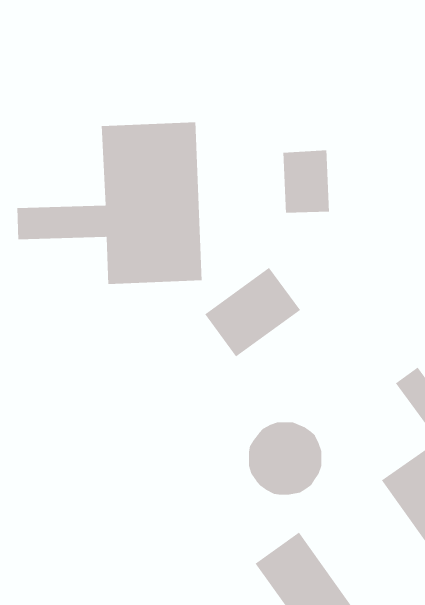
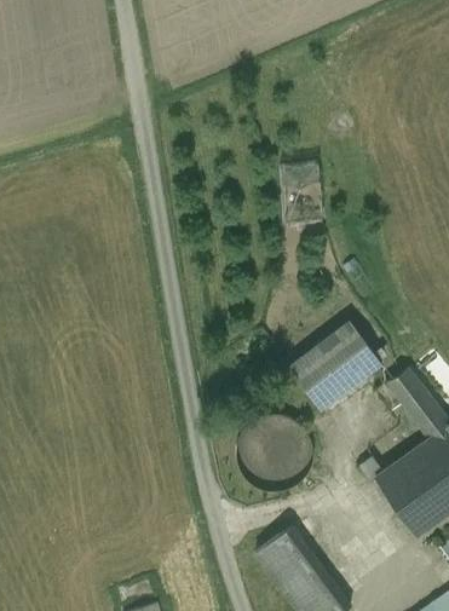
building: [16,122,203,285] -> none
building: [204,267,301,358] -> [287,323,379,409]

